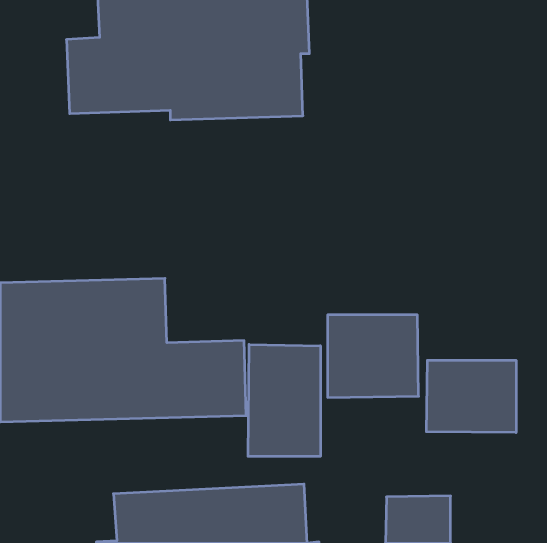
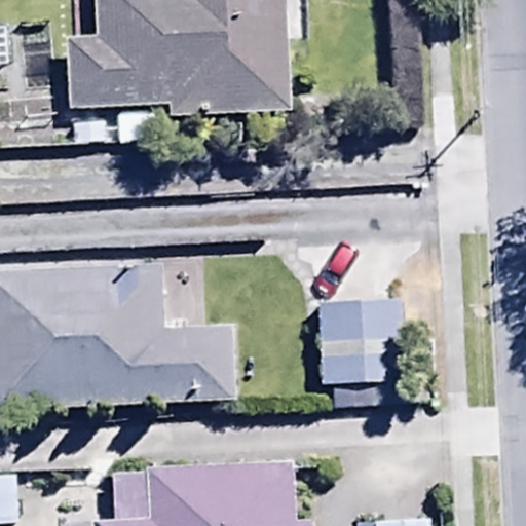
building: [248,344,320,456] -> none
building: [426,360,516,433] -> none

